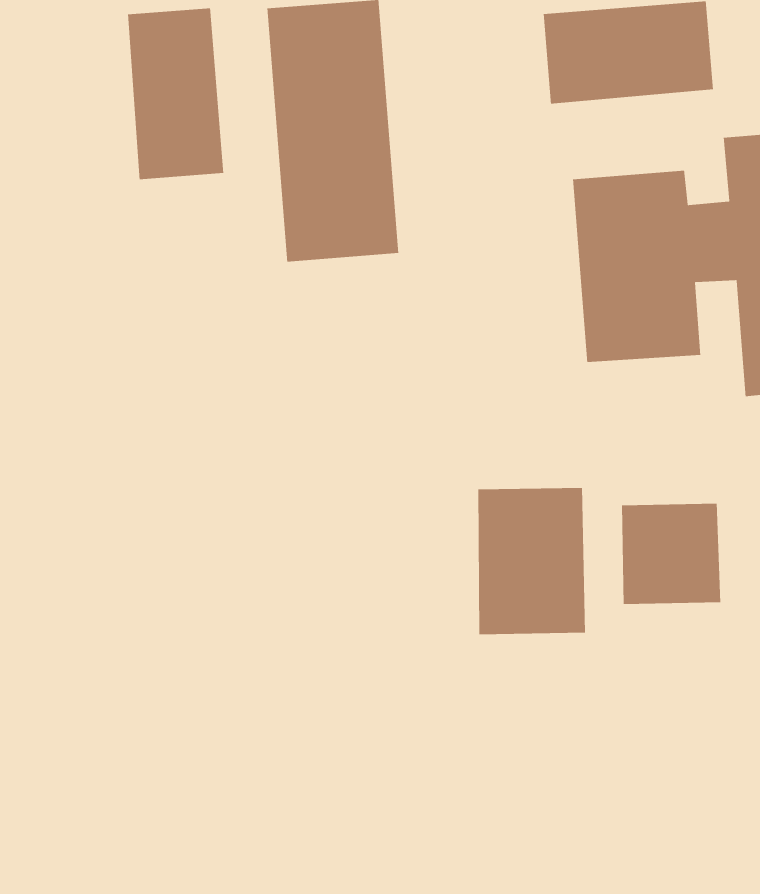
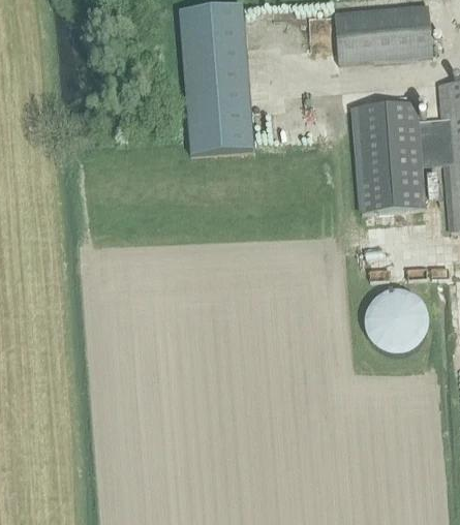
building: [127,7,224,180] -> none
building: [477,487,586,635] -> none

